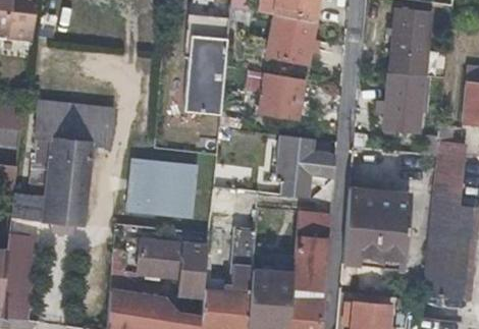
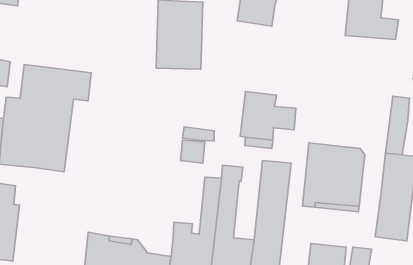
building: [261,73,306,118] -> none
building: [384,73,444,133] -> none
building: [128,158,193,215] -> none
building: [137,239,205,294] -> none

